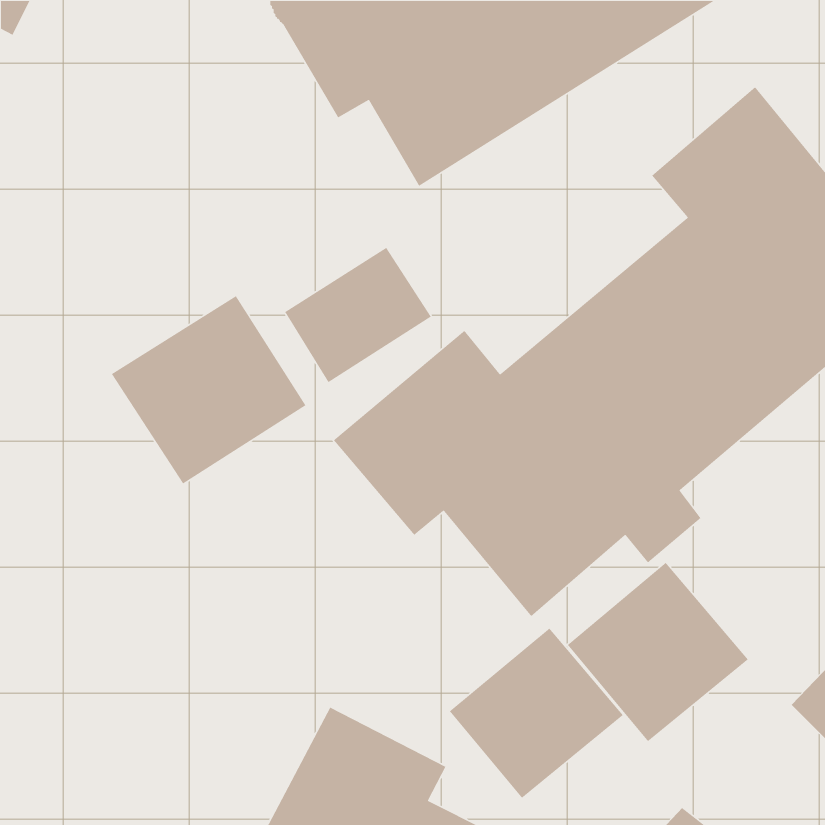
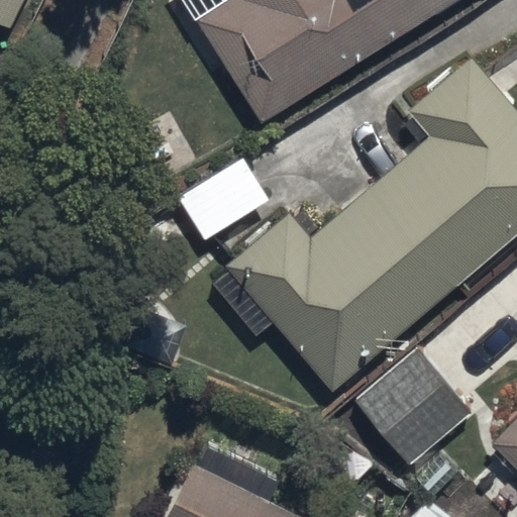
building: [111,295,306,485] -> none
building: [449,627,624,799] -> none

